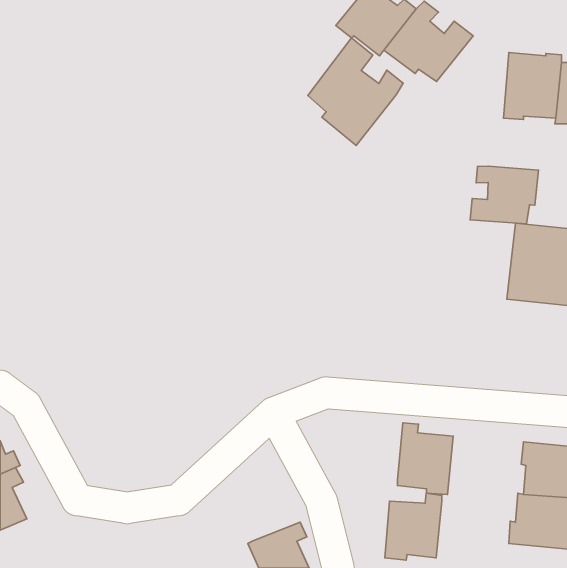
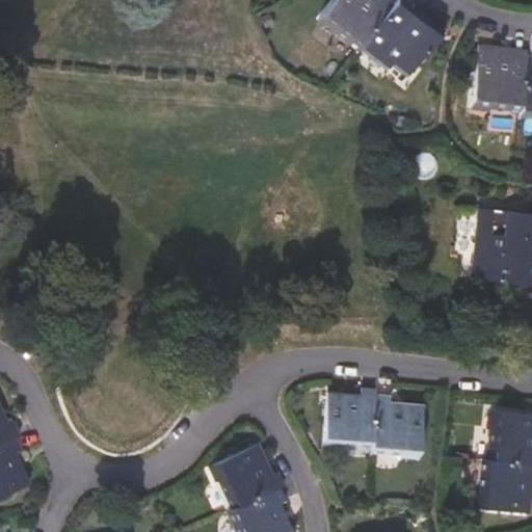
building: [308,38,403,146] -> none
building: [470,166,538,224] -> none
building: none -> [215,444,287,504]
building: [385,493,442,560] -> [325,387,378,449]

